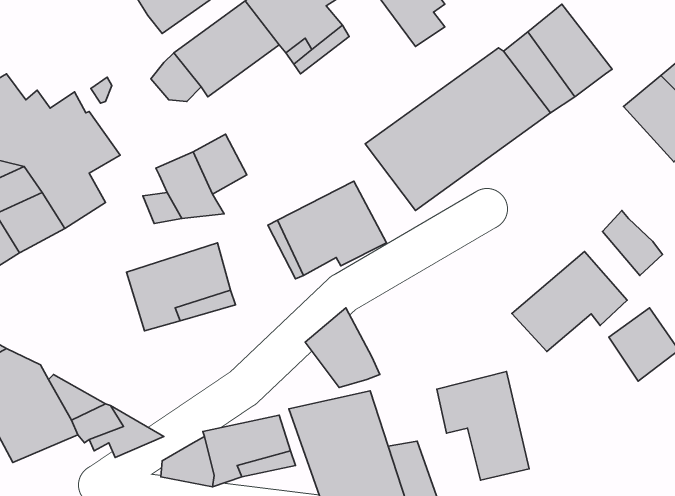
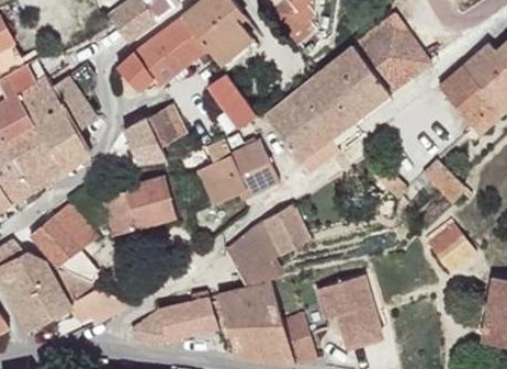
building: none -> [209,72,257,124]
building: [512,251,627,352] -> none
building: none -> [251,204,306,258]
building: none -> [29,208,103,266]

